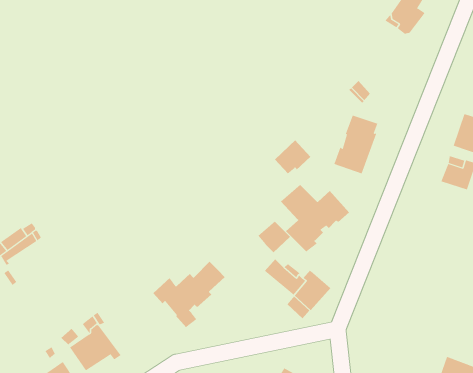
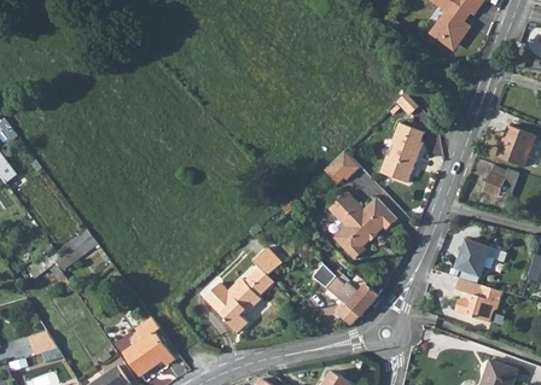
building: [257,221,291,253] -> [252,245,285,276]
building: none -> [455,240,489,276]
building: none -> [454,278,501,320]

